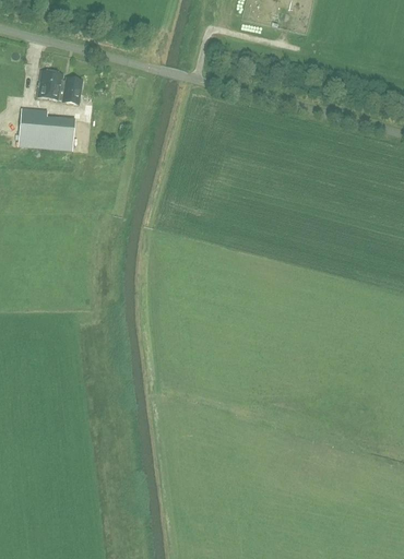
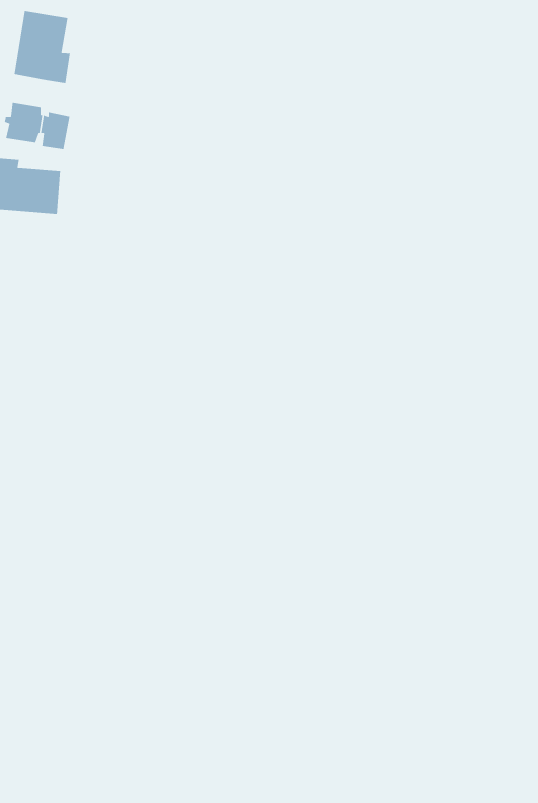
building: none -> [14,10,71,84]

